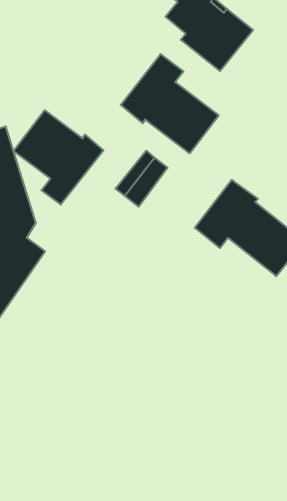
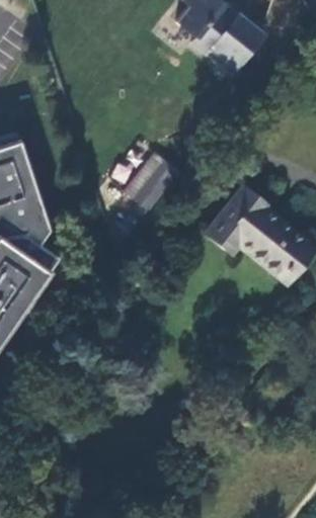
building: [121,54,219,153] -> none
building: [13,110,103,205] -> none

